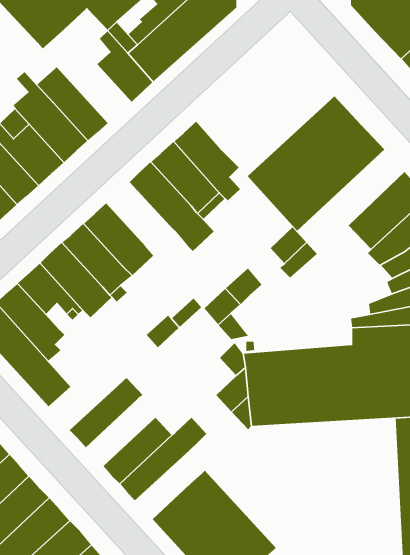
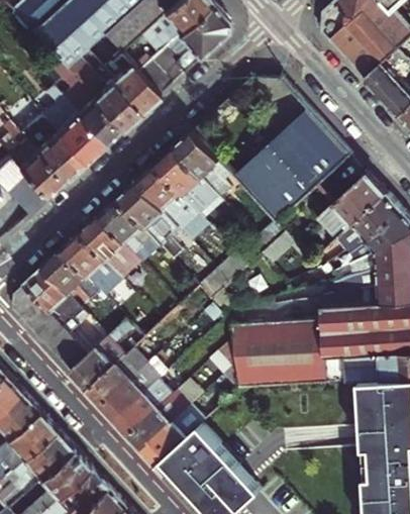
building: none -> [71,64,137,133]
building: none -> [116,183,184,253]
building: none -> [68,320,130,391]
building: none -> [99,349,174,421]
building: none -> [140,401,208,466]

